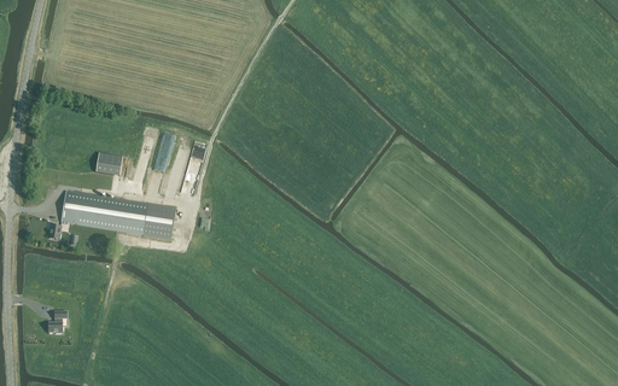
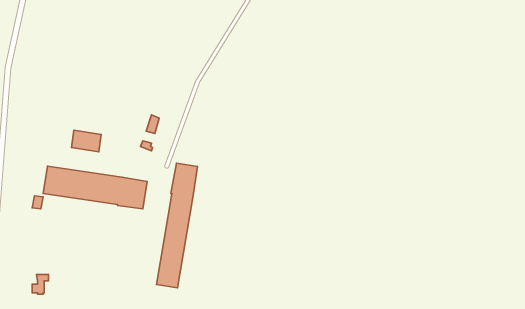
building: none -> [157,163,197,288]

